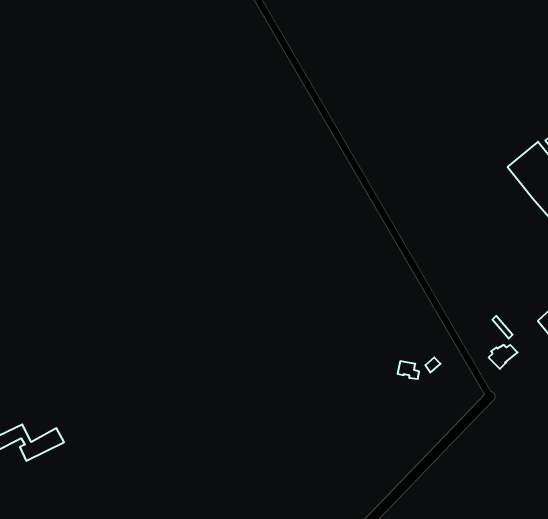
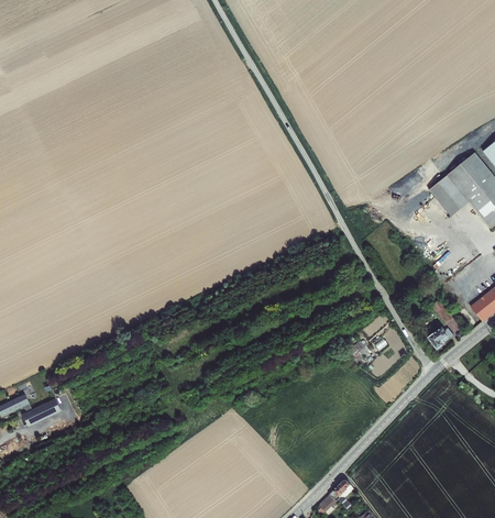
building: none -> [429,173,470,216]

